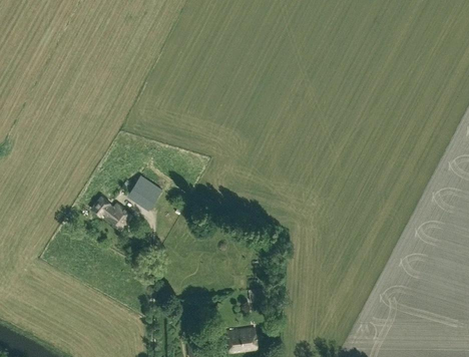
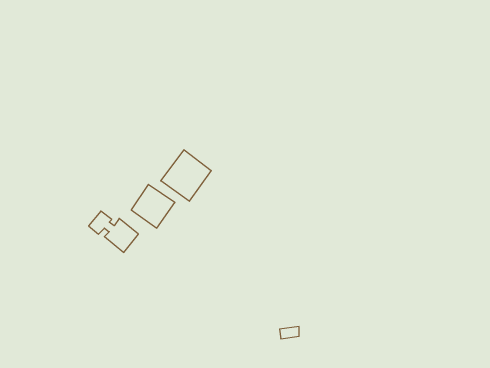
building: none -> [161,150,211,201]

